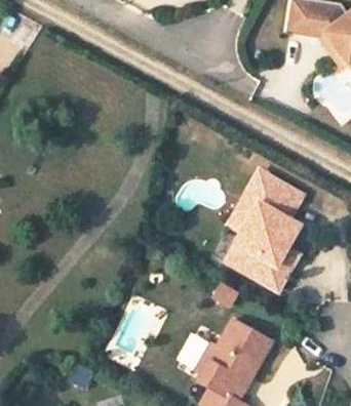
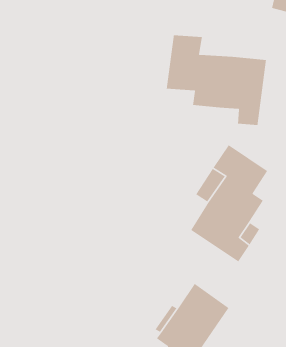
building: none -> [166,35,267,126]

